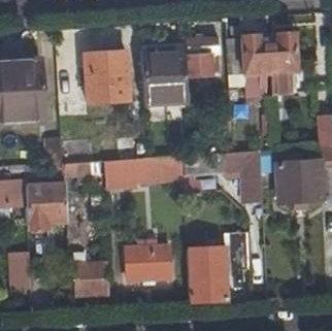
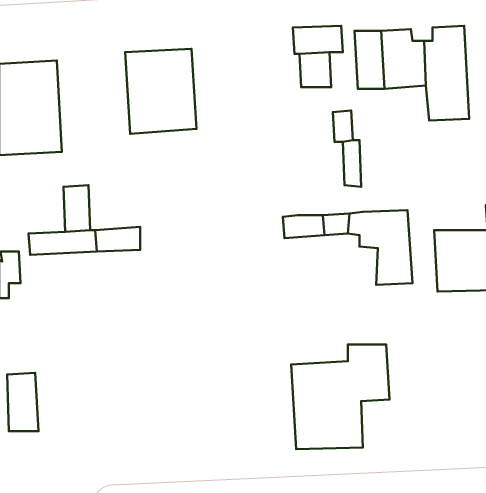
building: [141,49,189,106] -> none
building: [105,156,173,187] -> none
building: [26,186,70,235] -> none
building: [127,245,169,279] -> none
building: [75,261,108,296] -> none

